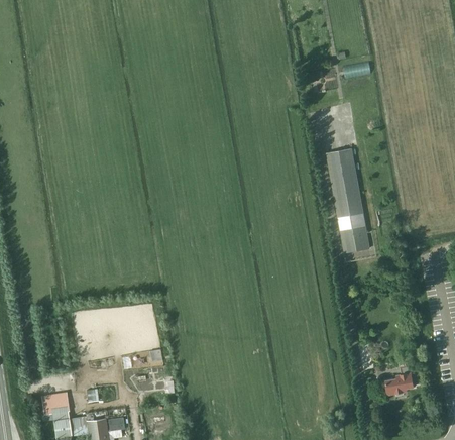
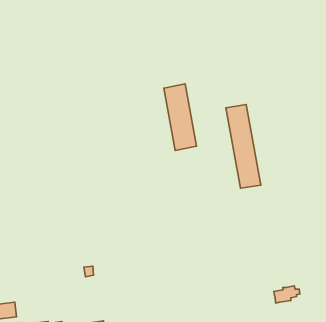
building: none -> [164,84,197,150]

